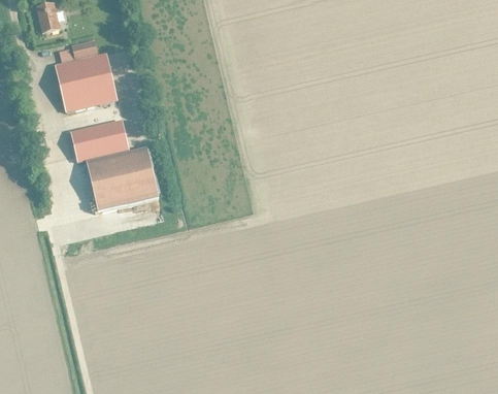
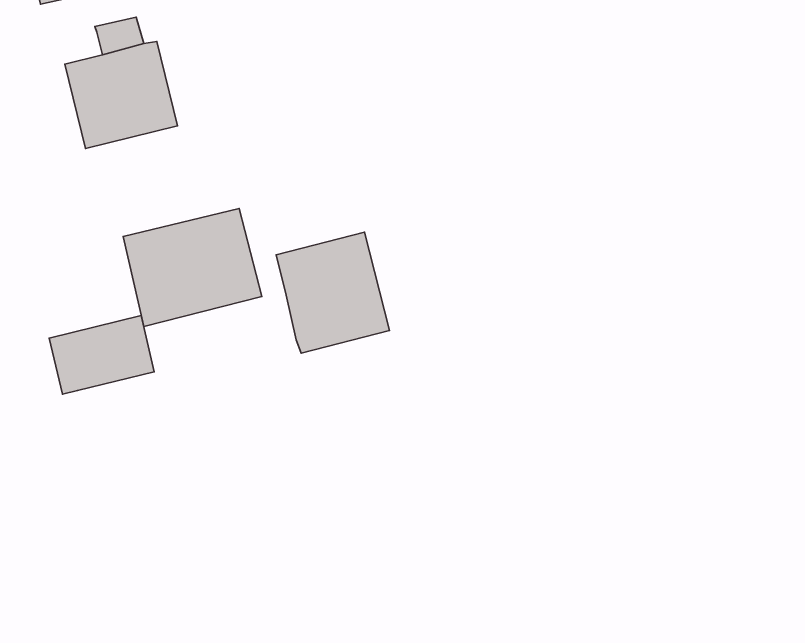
building: [71,120,129,163] -> [49,316,154,394]
building: none -> [276,232,389,353]

